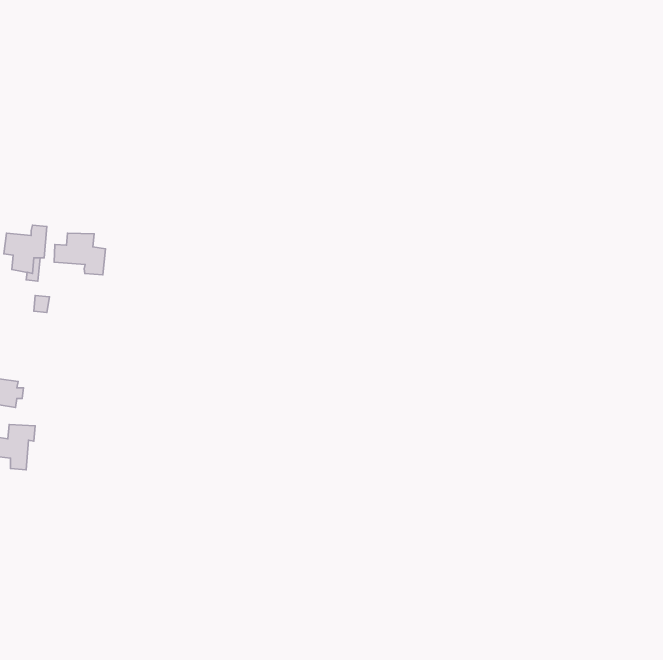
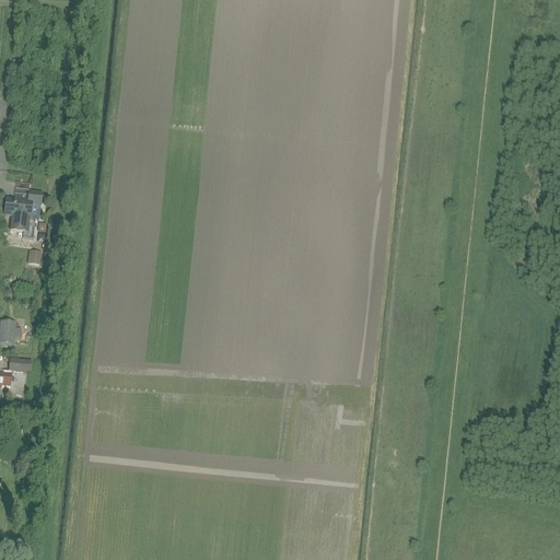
building: [54,233,106,275] -> none

